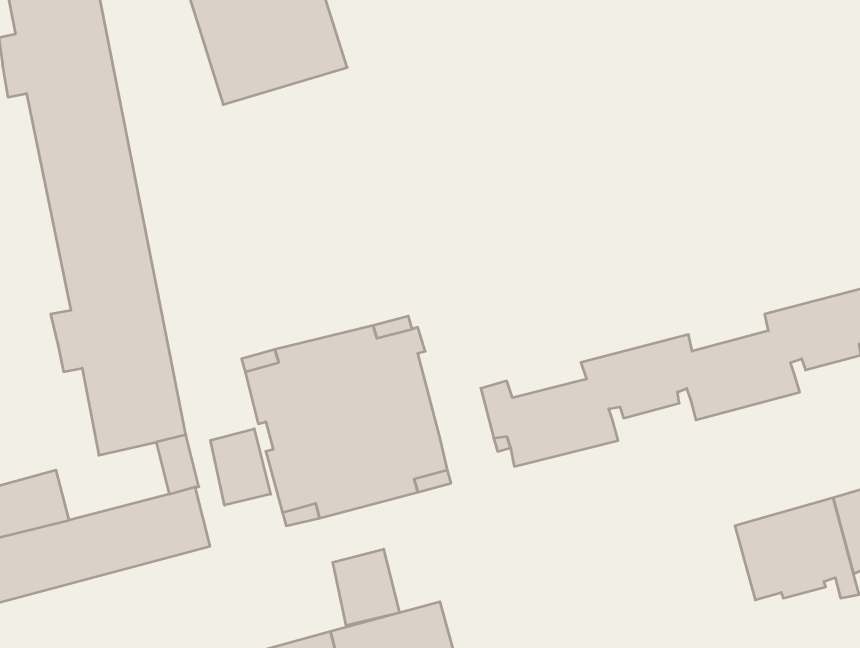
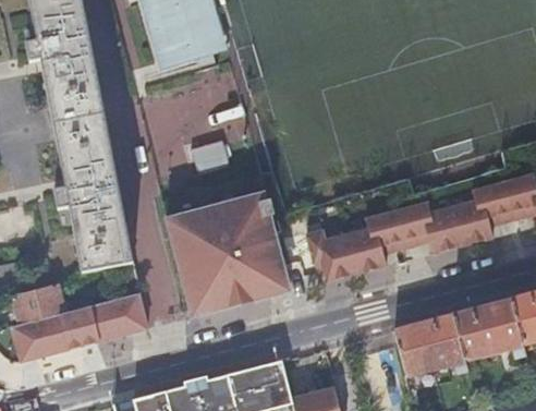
building: [210,429,271,505] -> none
building: none -> [395,315,471,375]
building: [333,549,400,625] -> none

